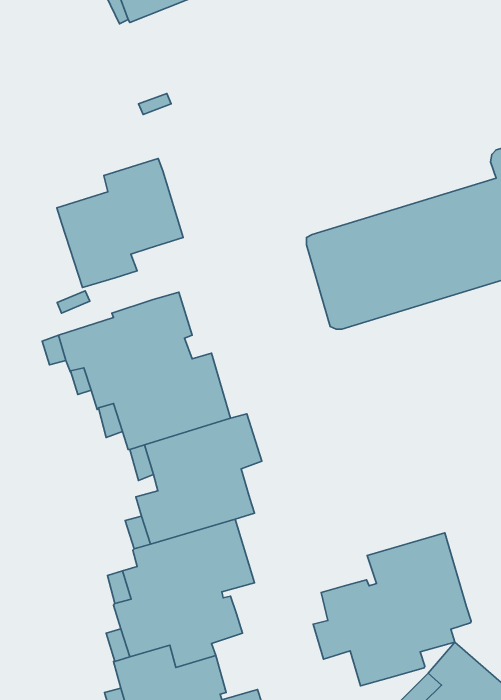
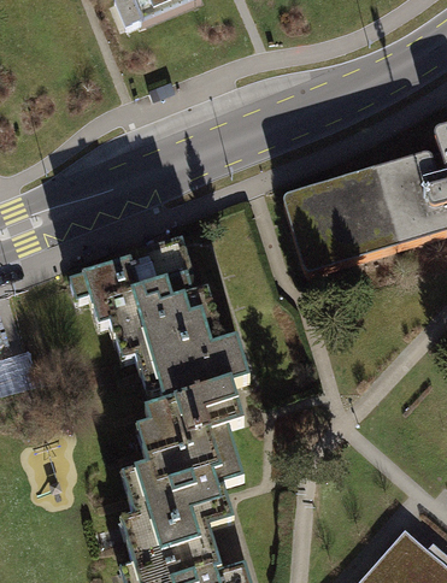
building: [57,159,183,288] -> none
building: [313,533,471,686] -> none

